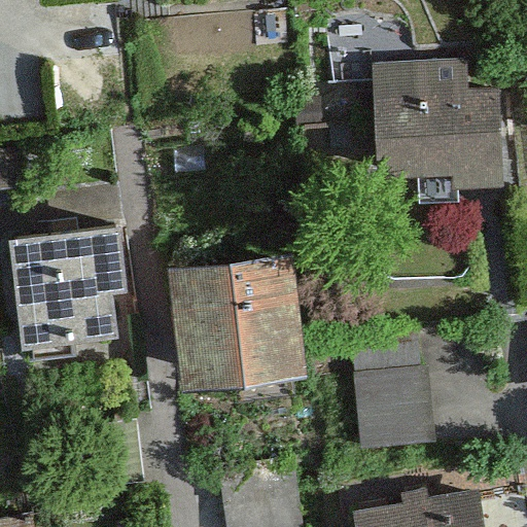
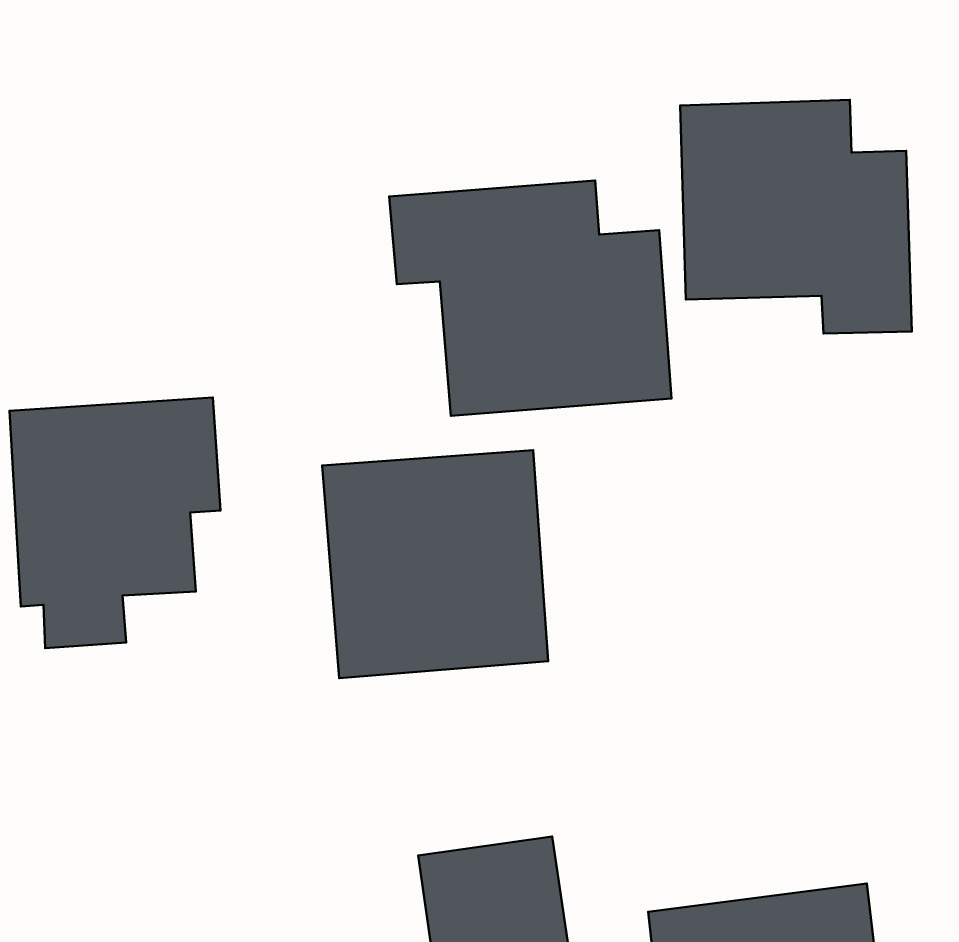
building: none -> [389,180,672,416]
building: [364,366,443,450] -> none

